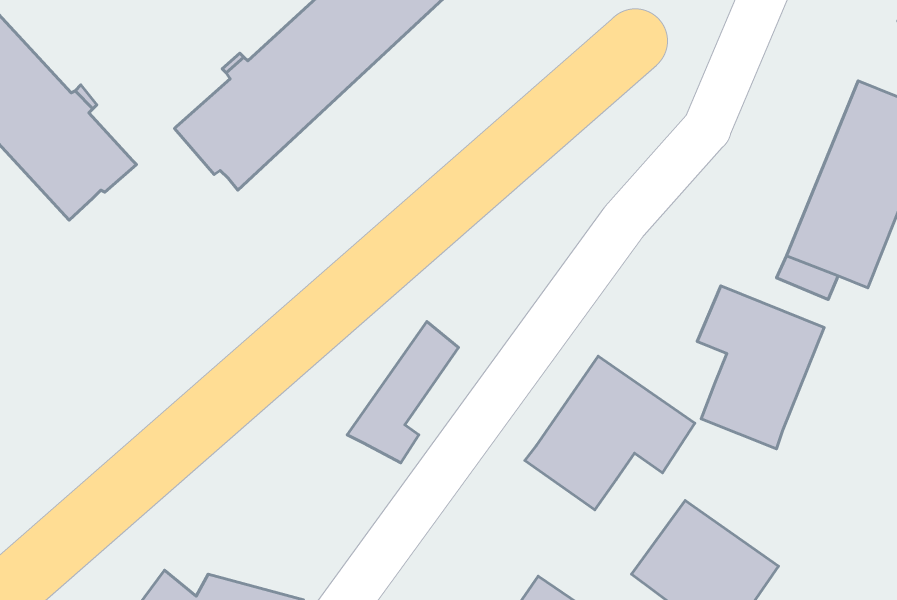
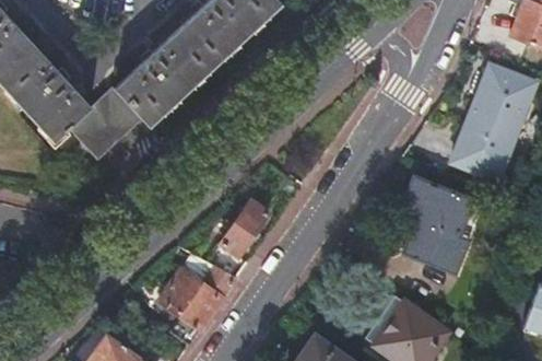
building: none -> [70,88,144,161]
building: [525,356,695,510] -> none
building: none -> [161,264,239,343]

